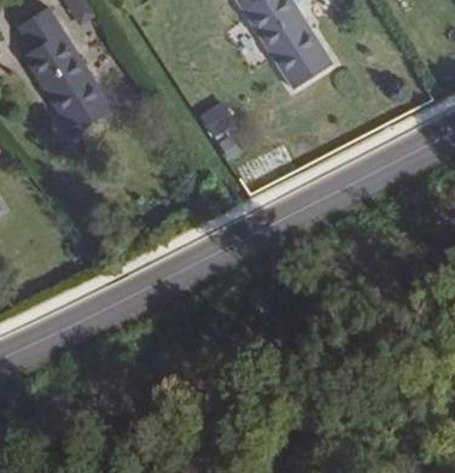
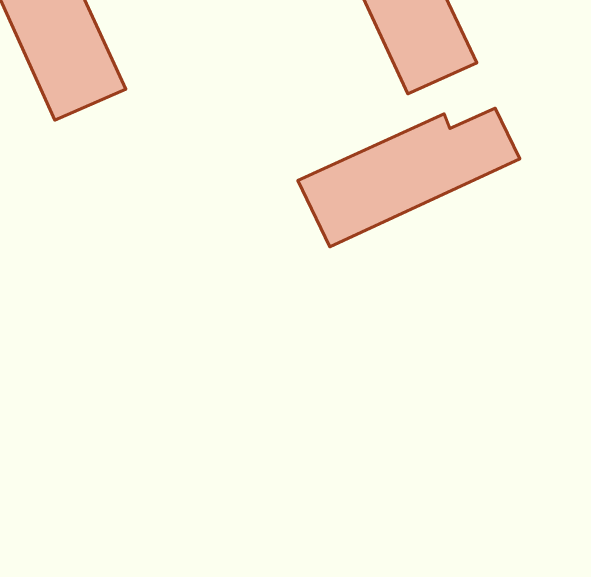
building: none -> [298,108,520,247]

